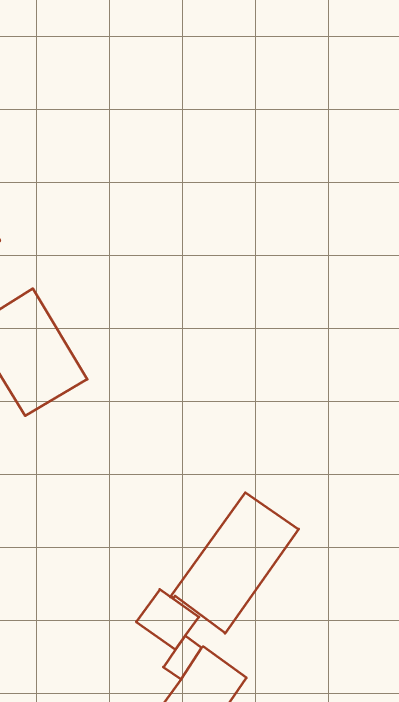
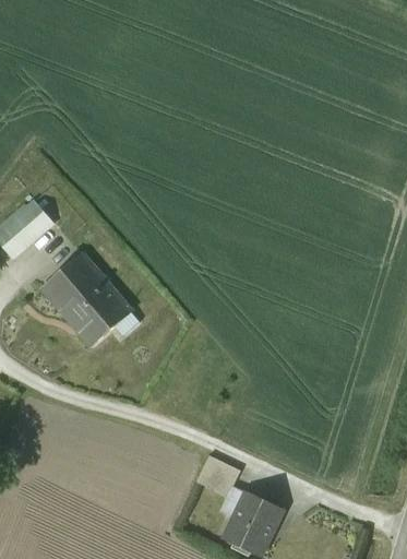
building: [170,493,299,633] -> none

